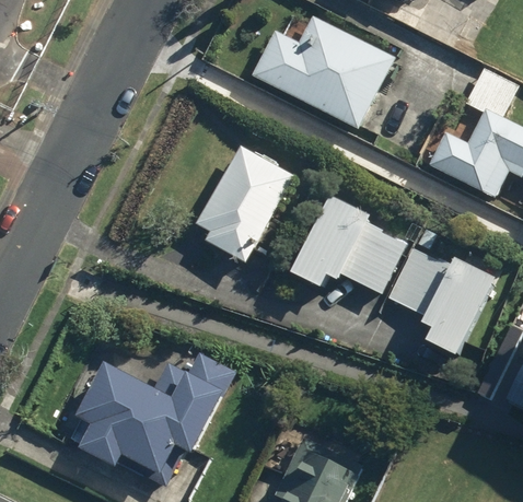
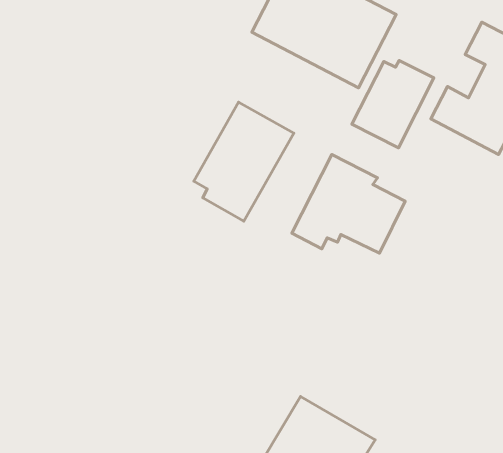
building: none -> [352,60,434,148]
building: [388,246,496,357] -> none
building: [70,350,237,478] -> none

